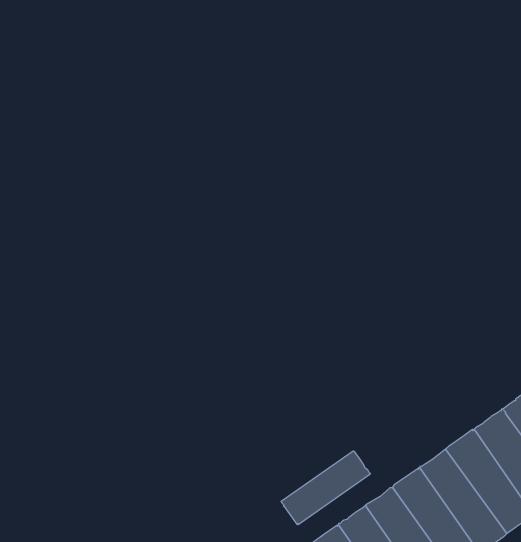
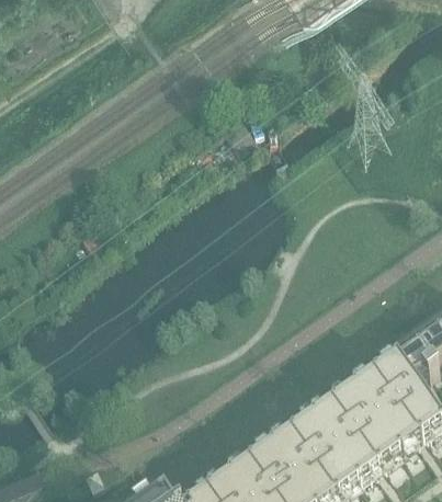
building: [281,451,370,525] -> none

